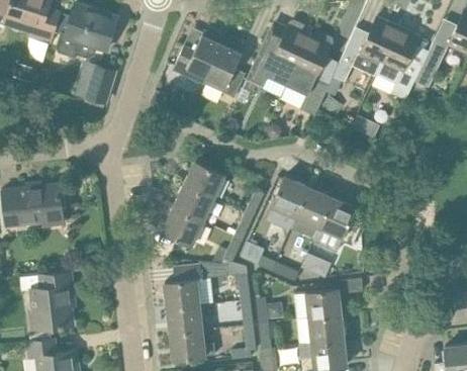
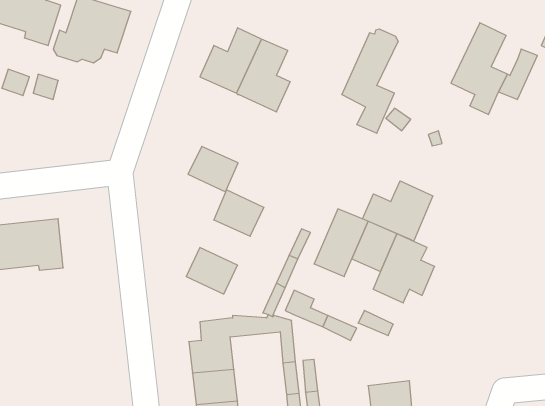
building: [333,16,398,82] -> none
building: [238,20,309,103] -> none
building: [71,61,114,108] -> none
building: none -> [363,181,433,241]
building: [173,185,213,221] -> [188,146,238,192]
building: [20,272,74,330] -> none
building: [305,289,342,318] -> none

